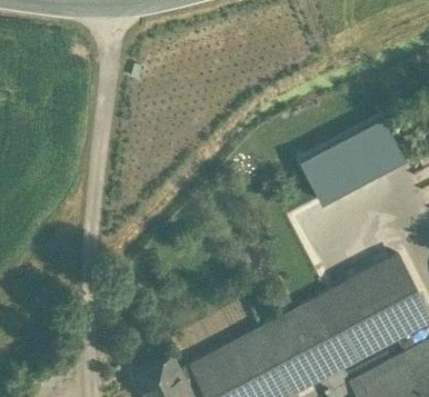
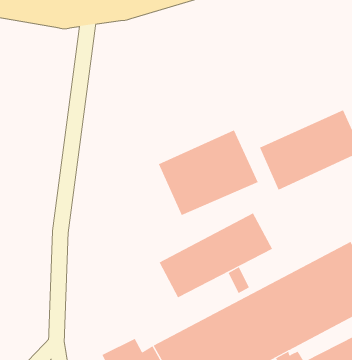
building: none -> [158,129,258,216]
building: none -> [159,213,273,298]

